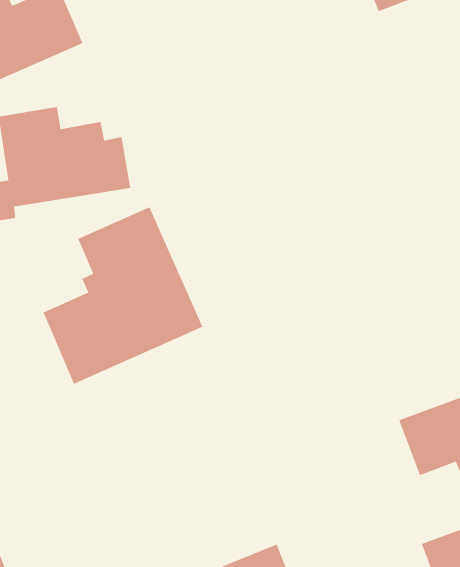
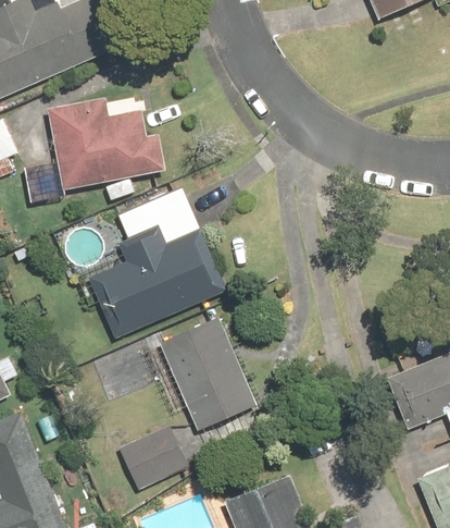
building: none -> [146,319,258,431]
building: none -> [114,428,189,493]

